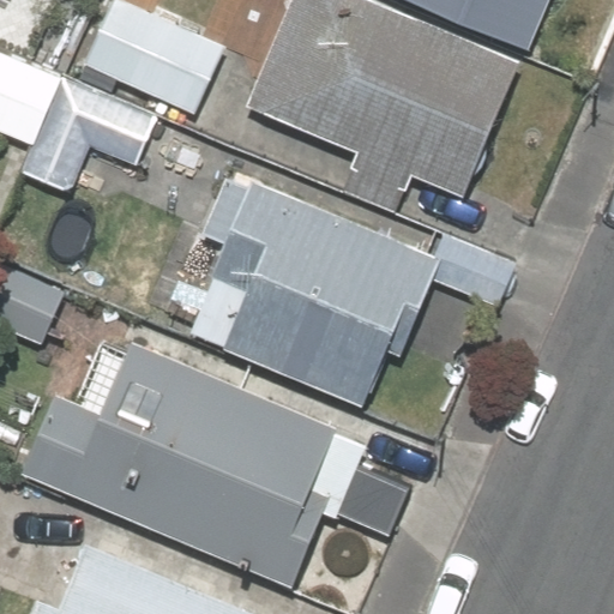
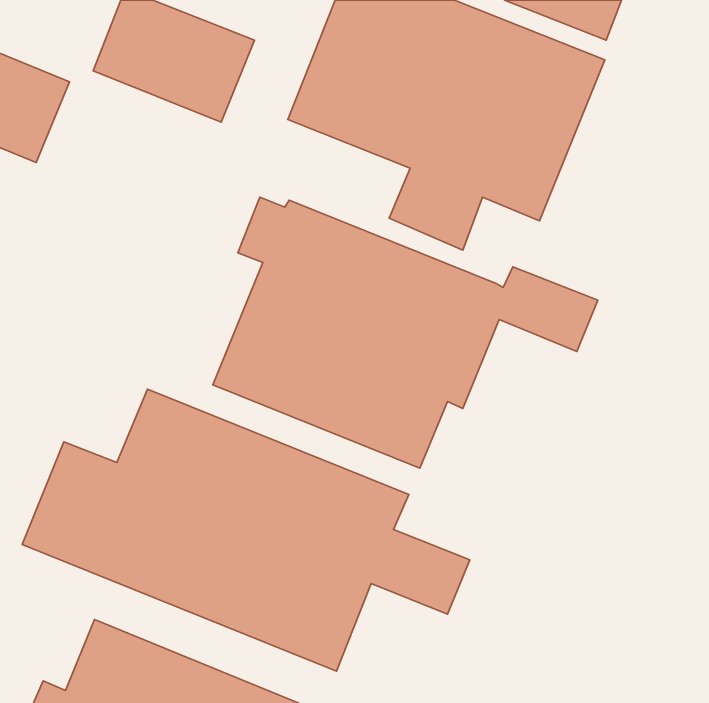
building: [20,77,156,194] -> none

